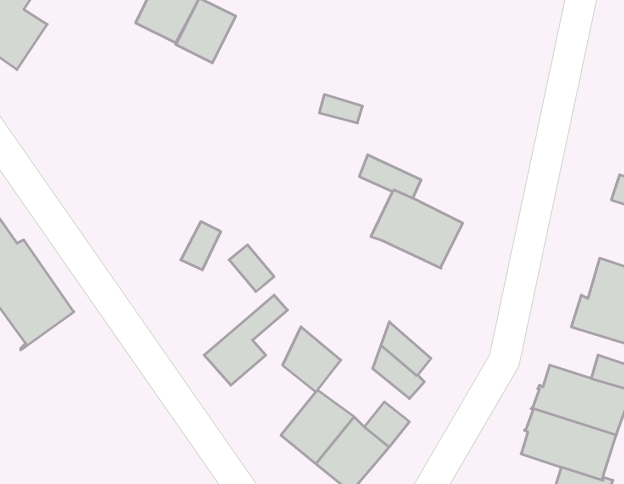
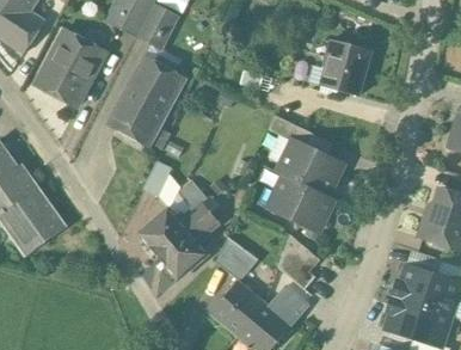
building: none -> [38,30,106,105]
building: none -> [319,39,368,96]
building: none -> [109,55,182,145]
building: none -> [268,174,333,229]
building: none -> [140,207,207,257]

